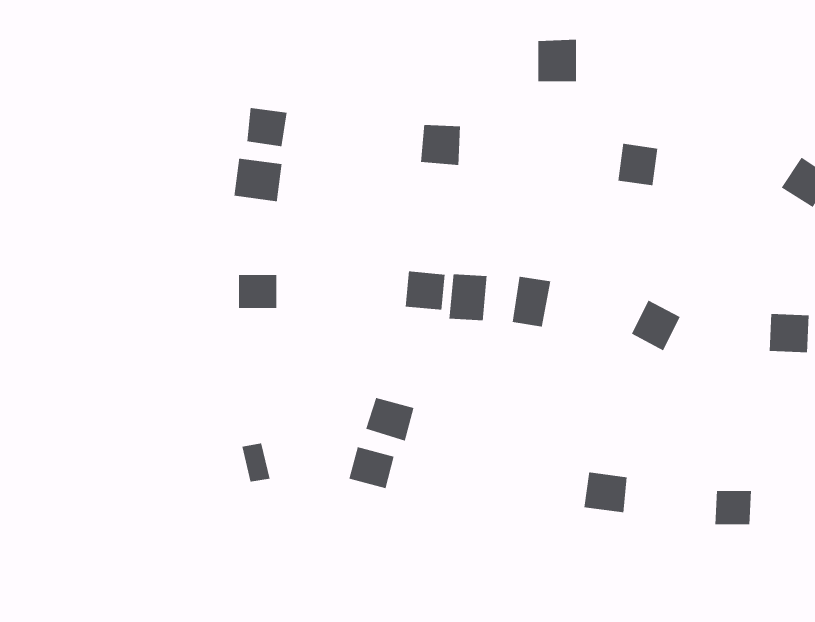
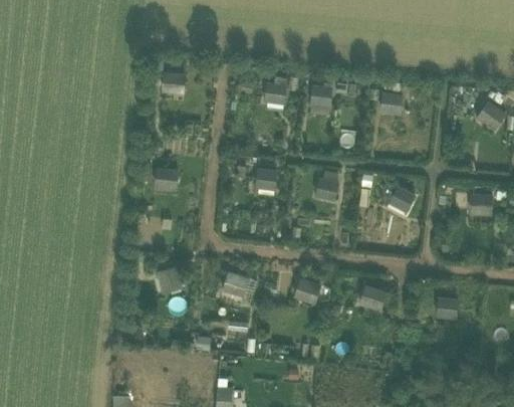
building: [538,39,577,82] -> [310,85,333,111]
building: [234,158,282,202] -> none
building: [449,273,487,321] -> none
building: [365,397,414,441] -> none
building: none -> [292,278,322,308]

